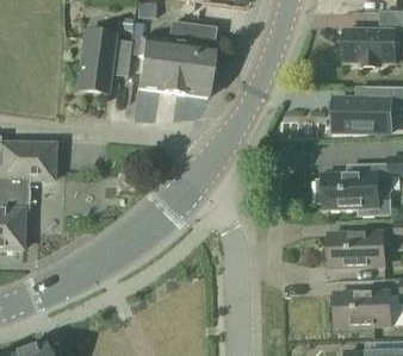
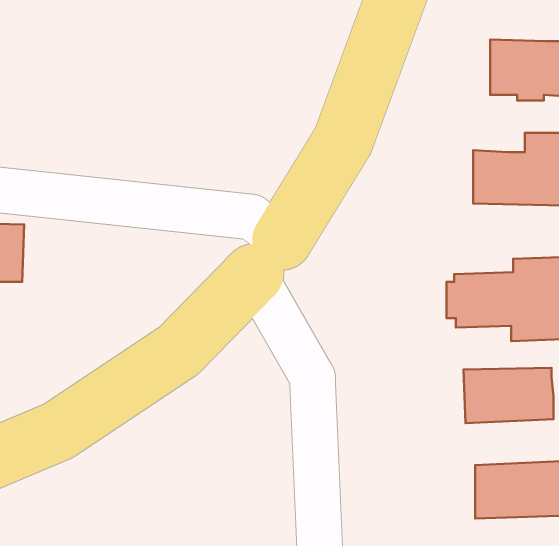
building: [137,21,215,96] -> none
building: [76,25,130,92] -> none

